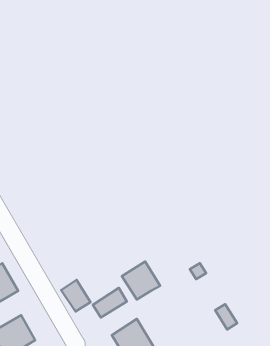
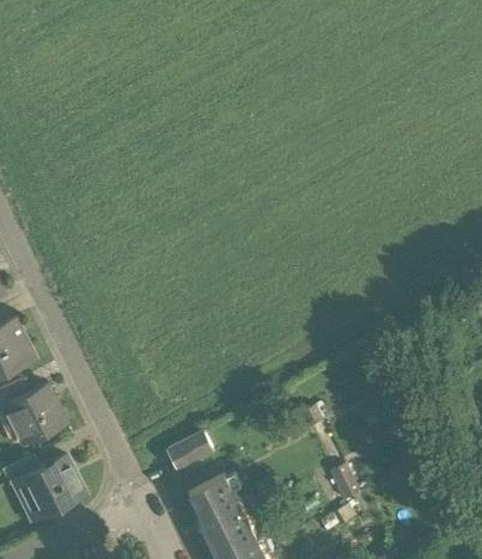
building: [122,261,160,299] -> none
building: [61,280,90,312] -> none

